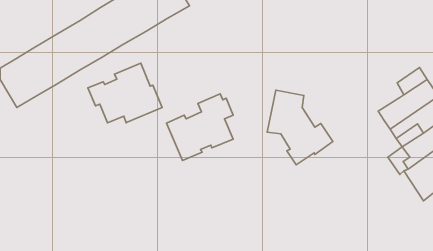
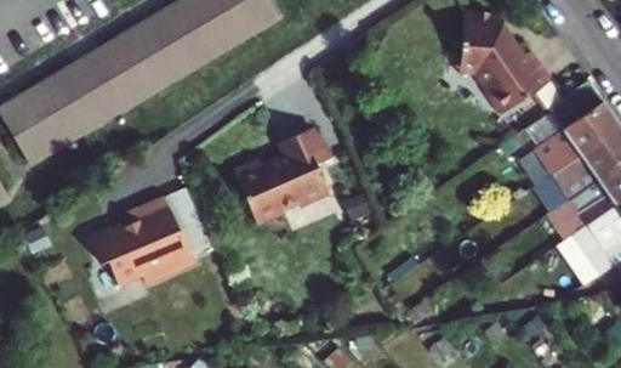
building: [88,63,162,123] -> [95,206,200,291]
building: [267,90,333,165] -> [463,19,557,125]

